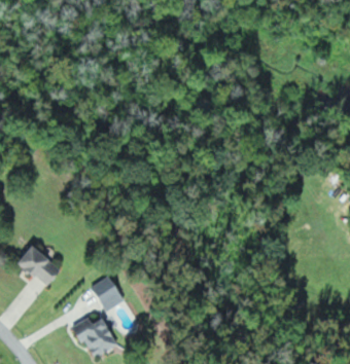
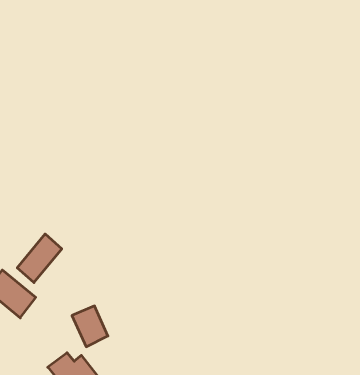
building: none -> [17,234,62,283]

